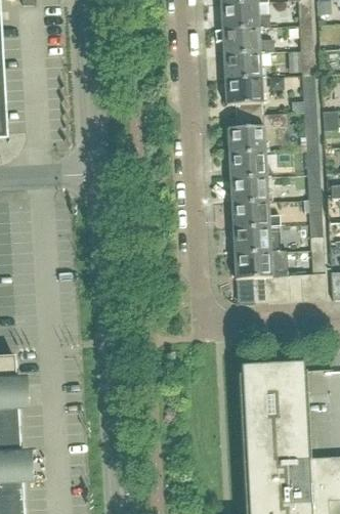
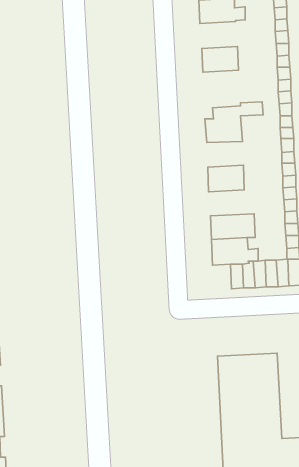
building: [221,28,273,55] -> none
building: [224,78,263,117] -> none
building: [228,152,266,178] -> none
building: [230,202,280,228] -> none

